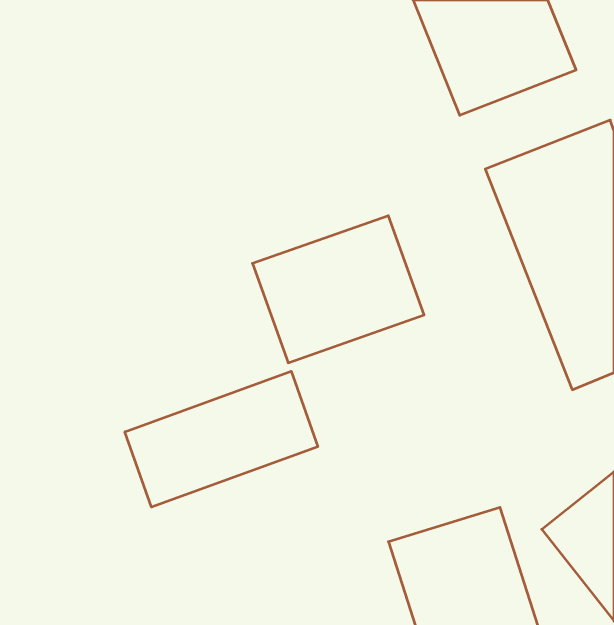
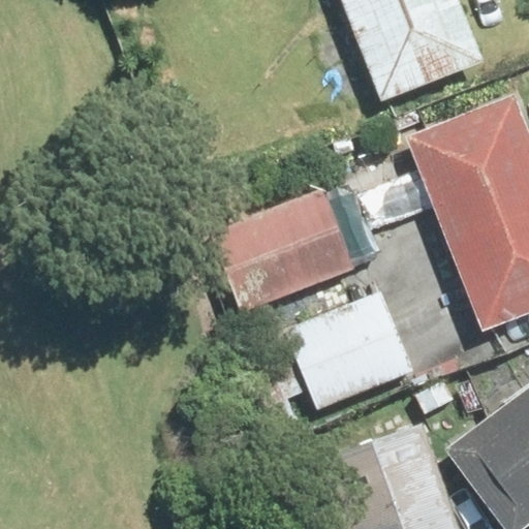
building: none -> [282,292,414,411]
building: [125,371,318,507] -> none

